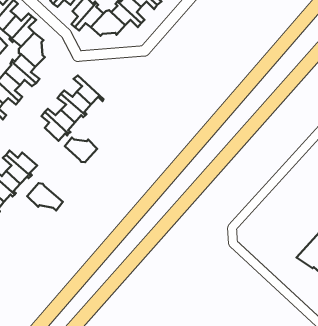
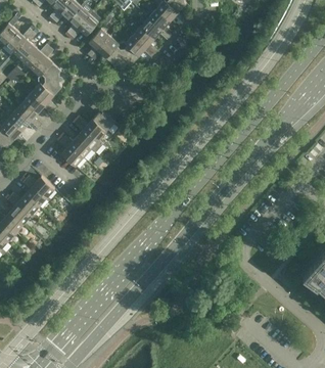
building: [65,138,97,162] -> none
building: [27,183,63,210] -> none

